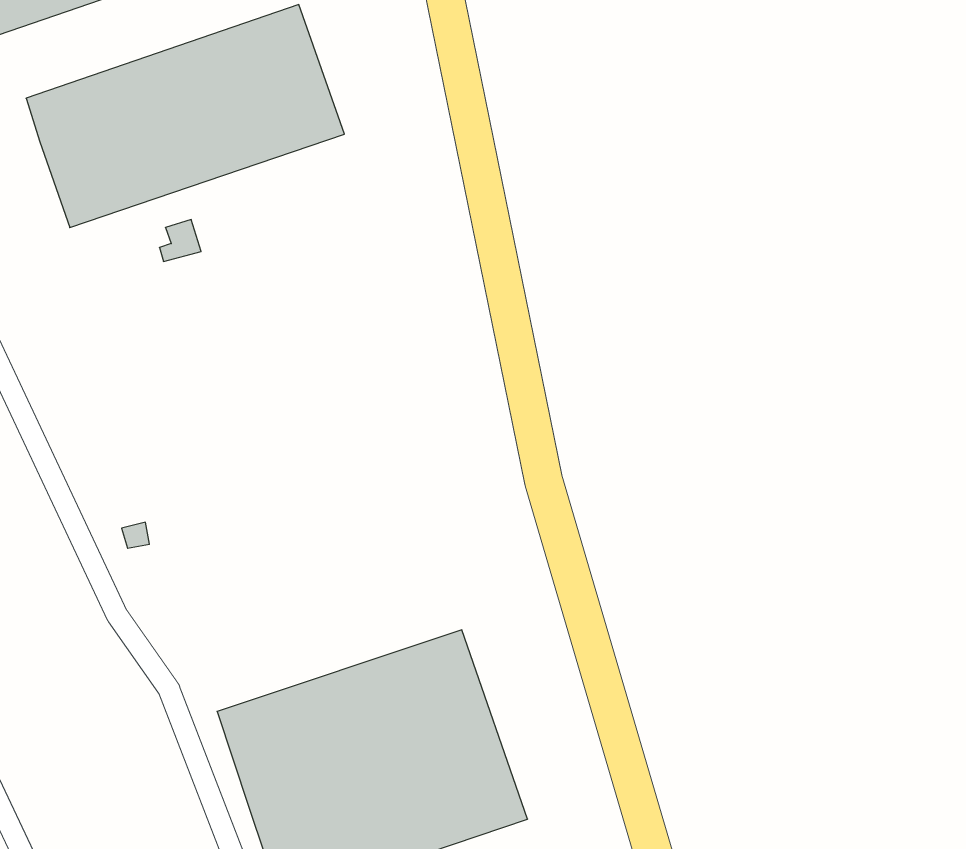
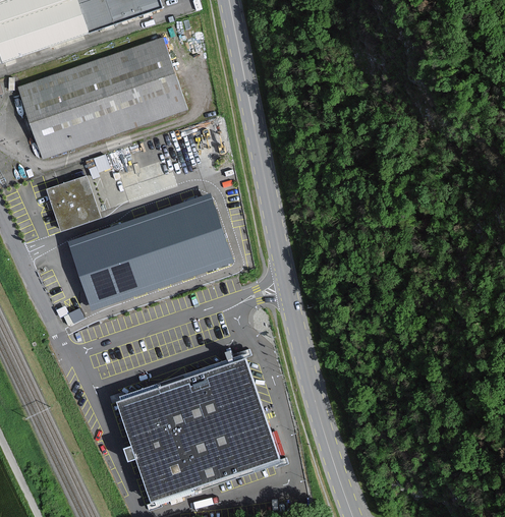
building: none -> [48,177,102,229]
building: none -> [70,197,229,305]

